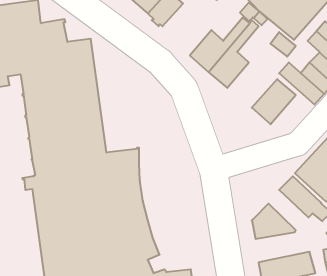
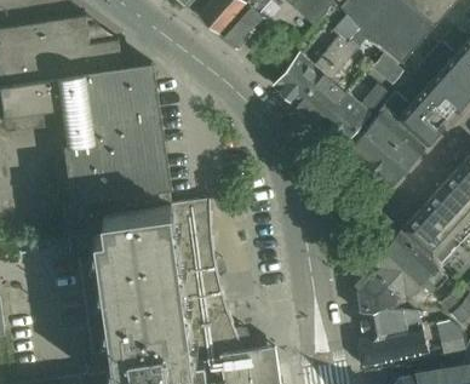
building: none -> [320,84,388,143]
building: none -> [373,132,424,184]
building: none -> [369,250,437,308]
building: none -> [359,309,422,338]

